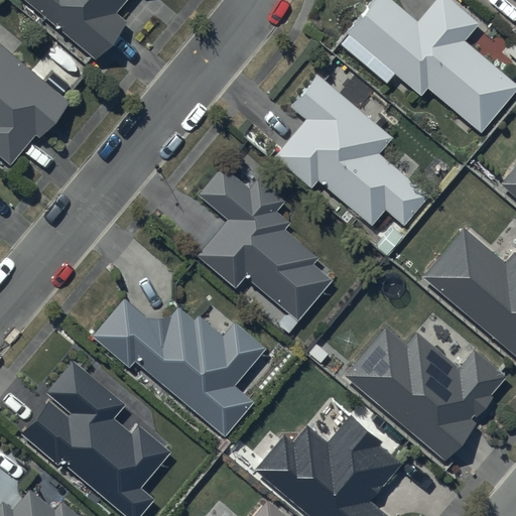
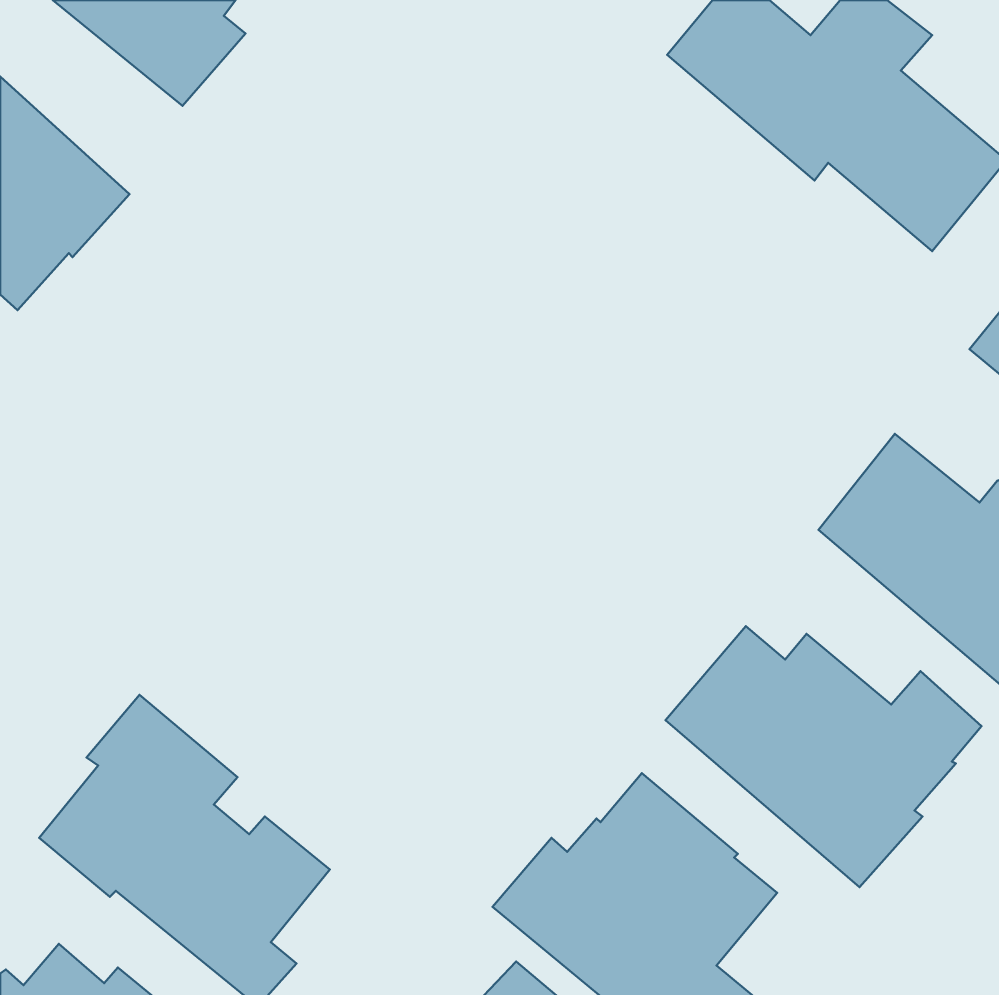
building: [274,73,430,226] -> none
building: [197,163,335,334] -> none
building: [92,297,266,435] -> none

